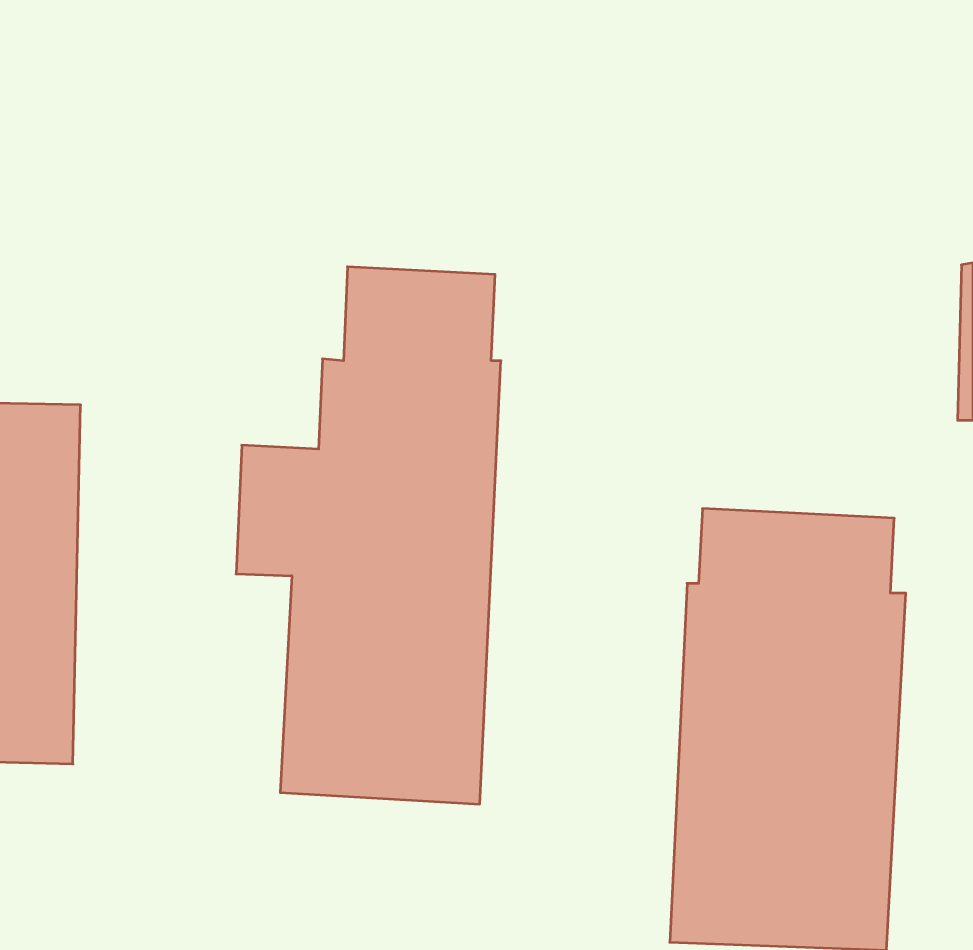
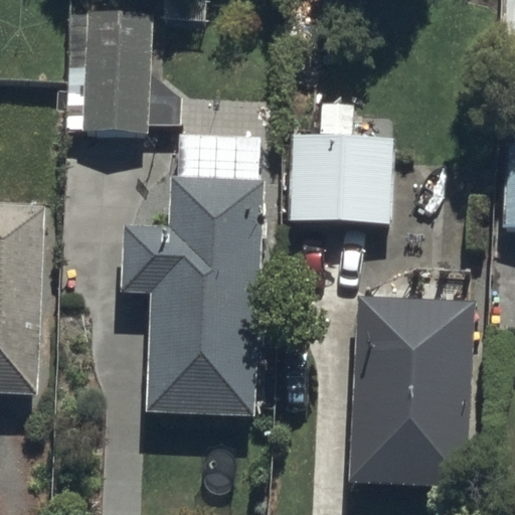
building: none -> [68,15,171,134]
building: none -> [288,97,393,228]

